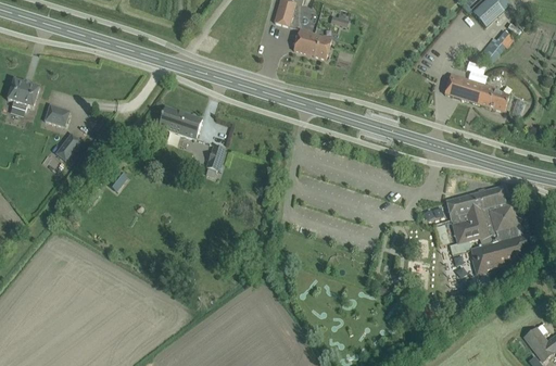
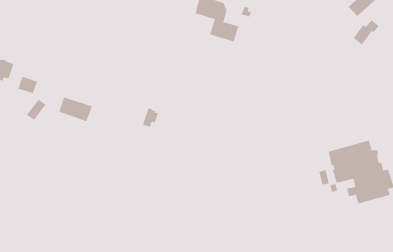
building: [443,74,508,112] -> none
building: [157,106,202,139] -> [58,97,93,122]

